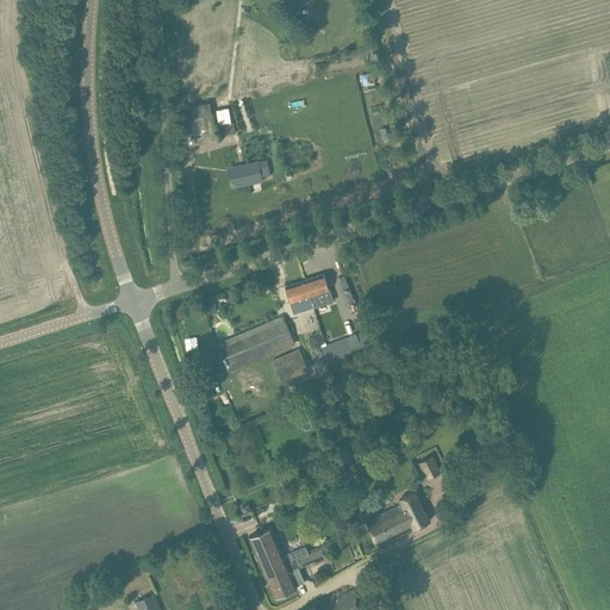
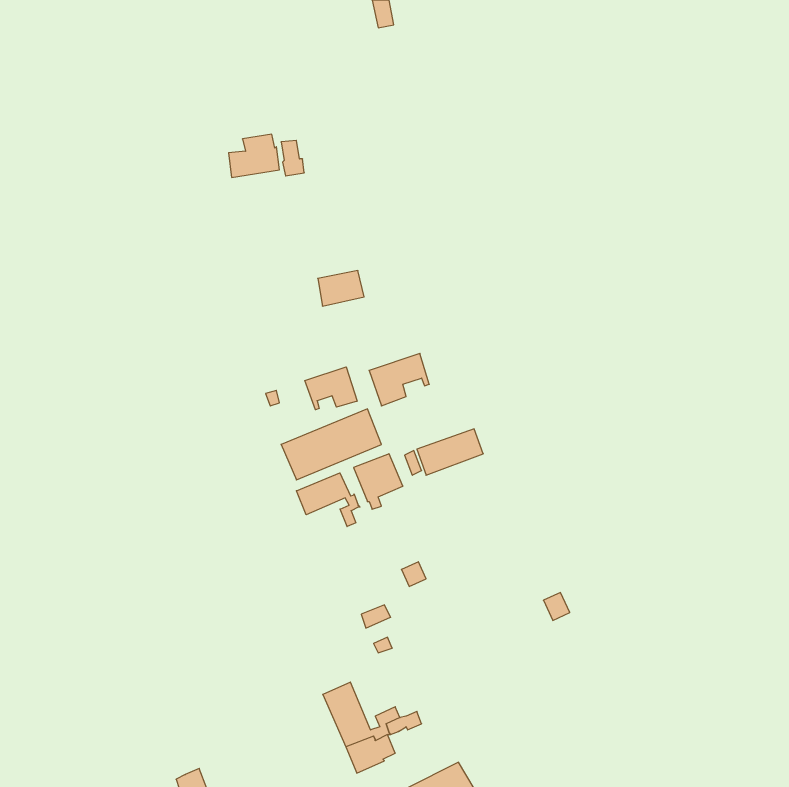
building: [228,162,263,189] -> [318,271,364,306]
building: none -> [305,367,357,410]
building: none -> [296,473,360,527]
building: [366,492,430,548] -> none

